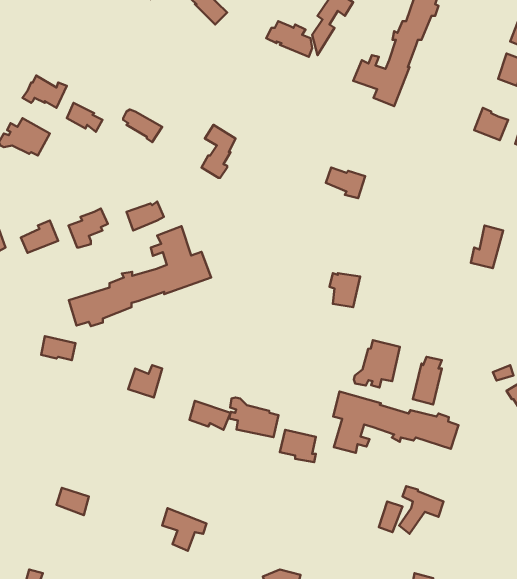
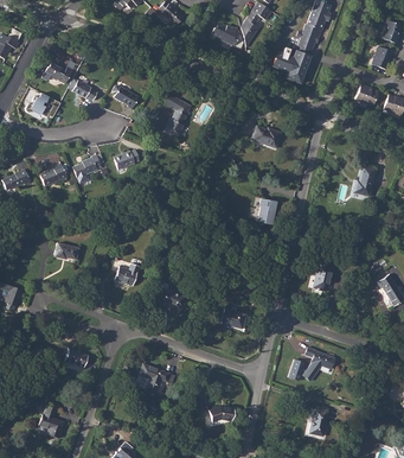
building: [69,226,211,326] -> none
building: [354,340,400,387] -> none
building: [333,391,459,453] -> none
building: [229,397,279,437] -> none

